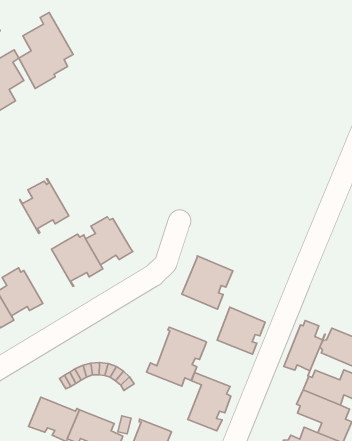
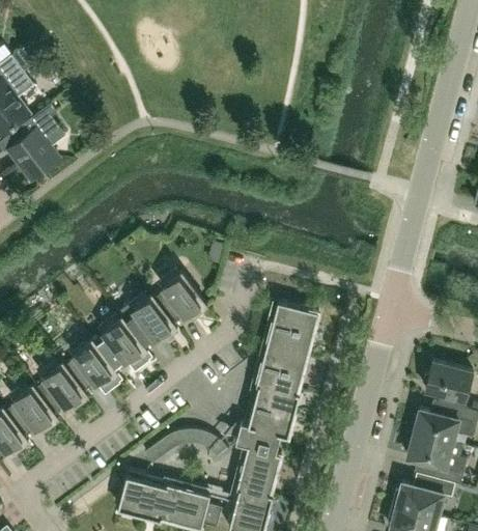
building: [19,12,73,88] -> none
building: [20,179,69,233] -> [91,315,146,375]
building: [217,307,265,354] -> [256,346,306,394]
building: [284,321,325,376] -> none
building: [188,372,231,431] -> [235,436,280,496]

